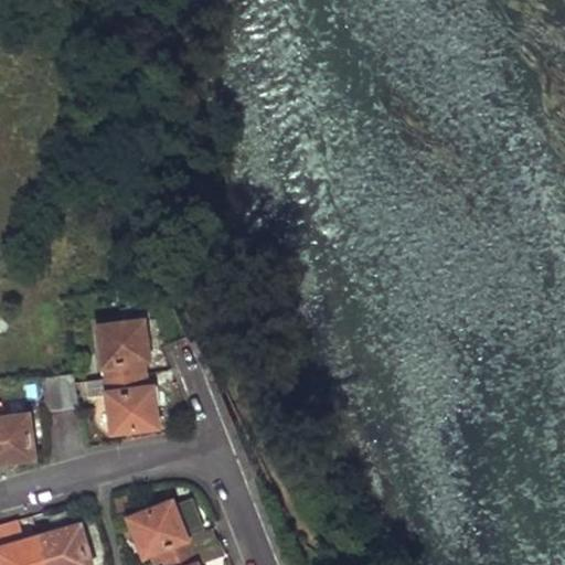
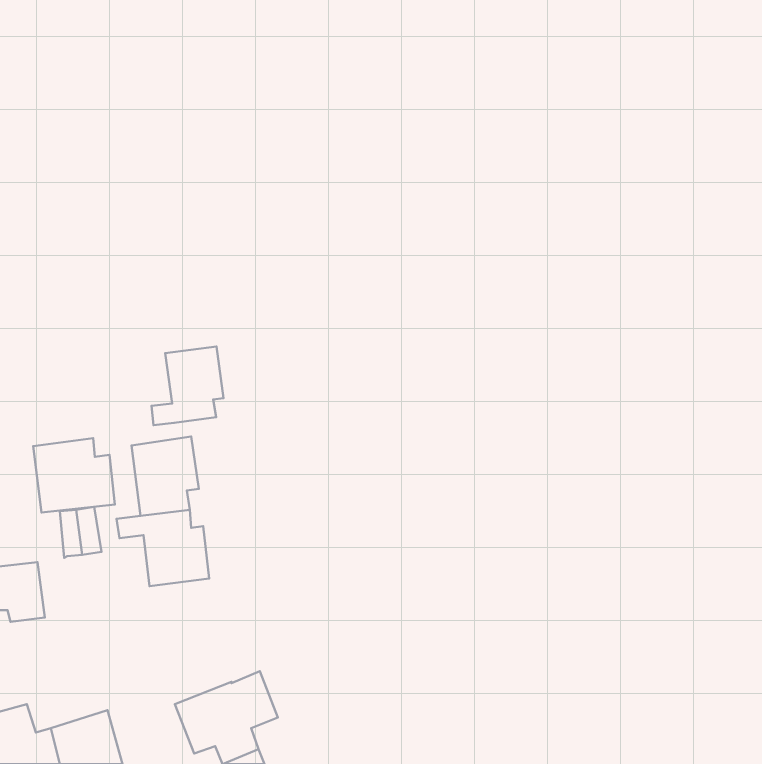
building: none -> [152,347,223,425]
building: none -> [33,438,115,513]

